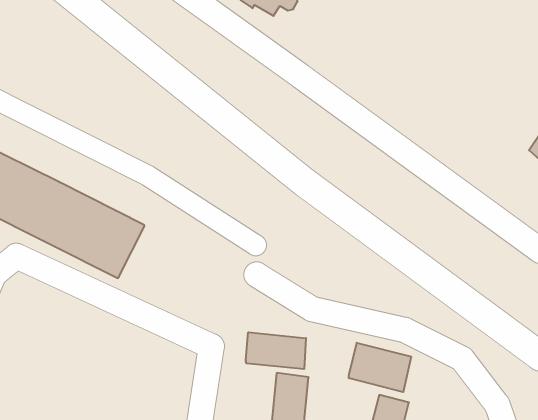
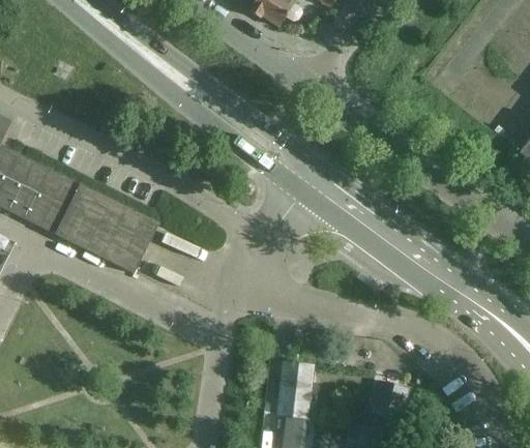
building: [246,332,306,369] -> none
building: [349,343,411,392] -> none

